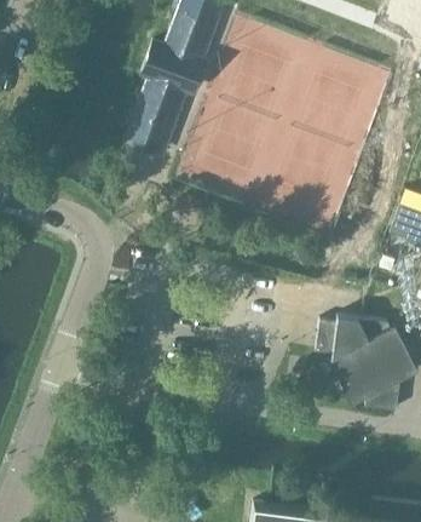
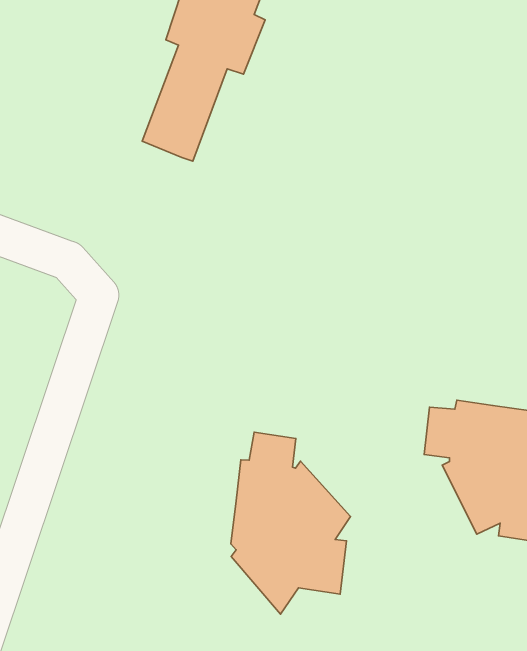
building: none -> [231,432,350,614]

